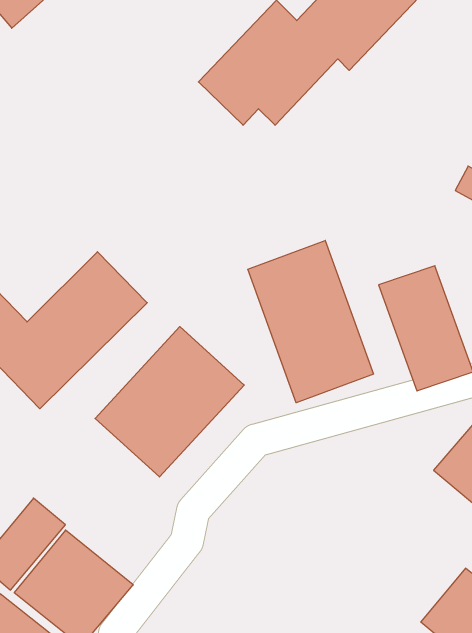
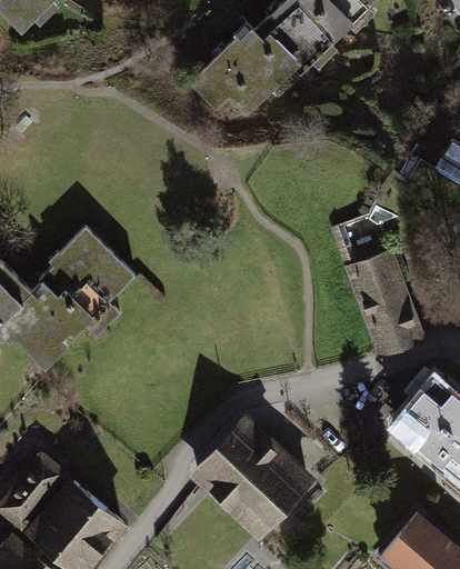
building: [248,240,374,403] -> none
building: [95,327,244,477] -> none
building: none -> [188,413,314,539]

